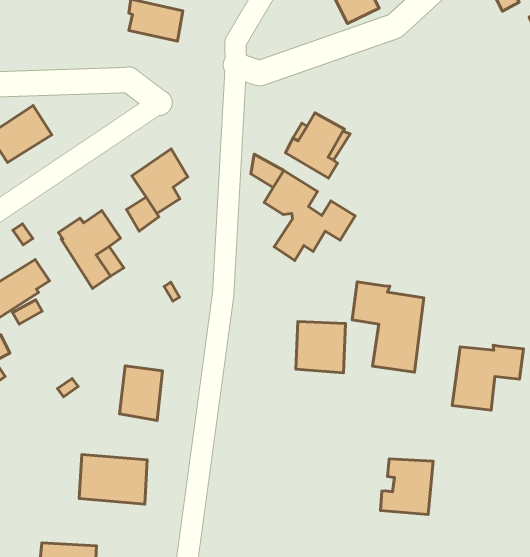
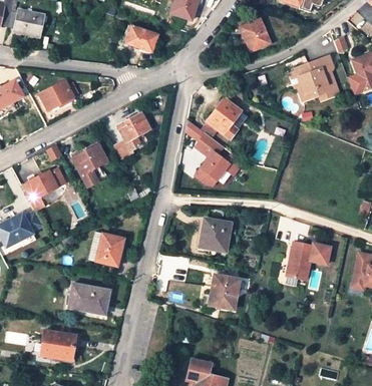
building: none -> [296,55,339,101]
building: [352,282,424,372] -> none
building: [380,459,433,514] -> [207,275,240,309]

